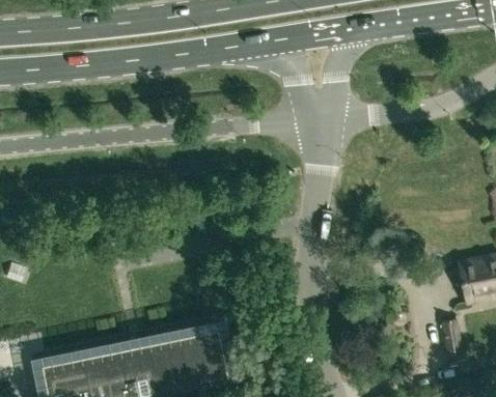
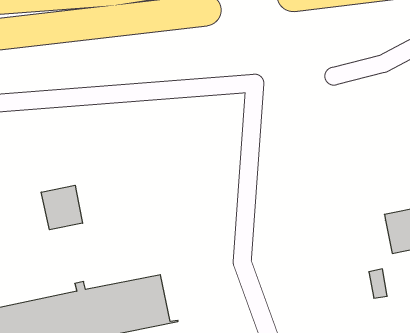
building: none -> [41,185,83,230]

